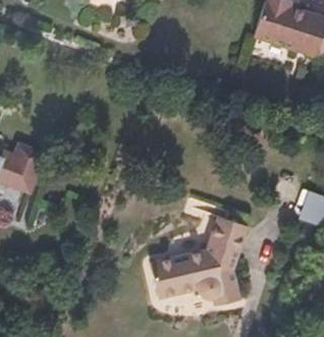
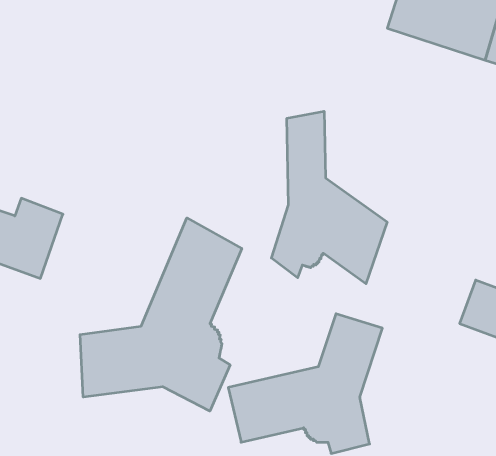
building: none -> [271,111,387,284]
building: none -> [80,218,242,411]

